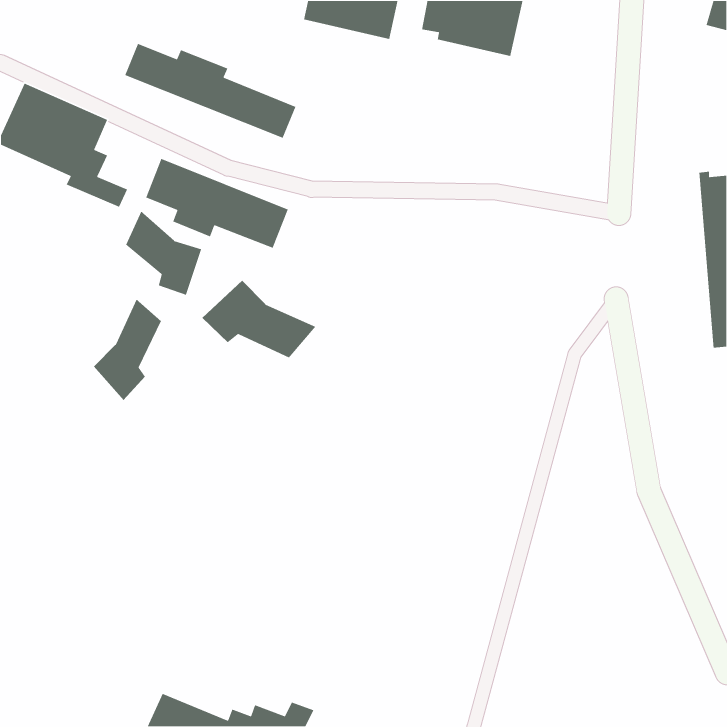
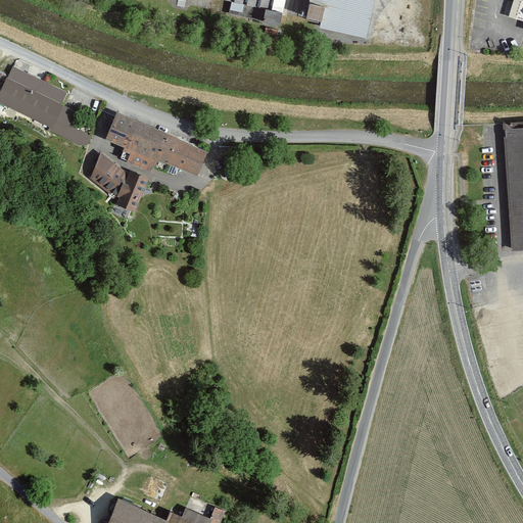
building: [124,43,296,139] -> none
building: [202,280,316,359] -> none
building: [93,299,162,401] -> none

